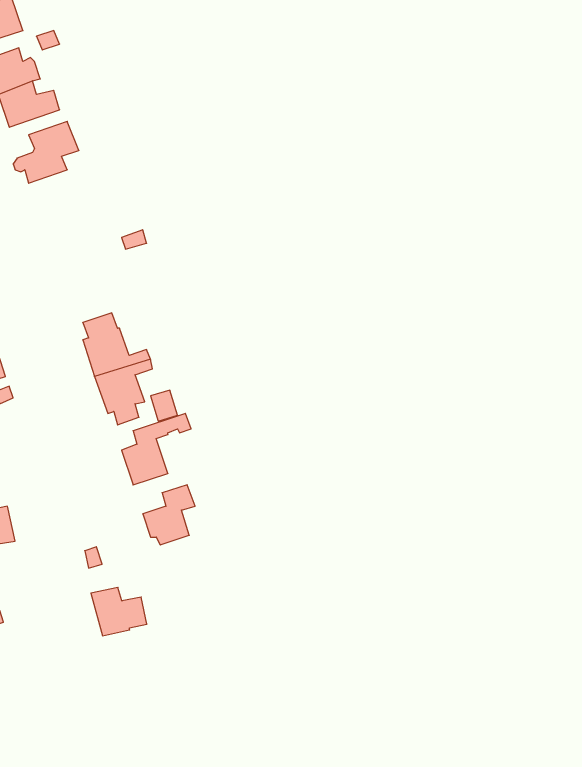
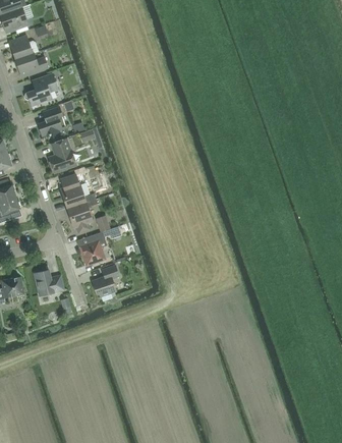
building: none -> [38,106,65,135]
building: none -> [49,140,72,172]
building: [91,587,147,636] -> [34,270,63,295]

